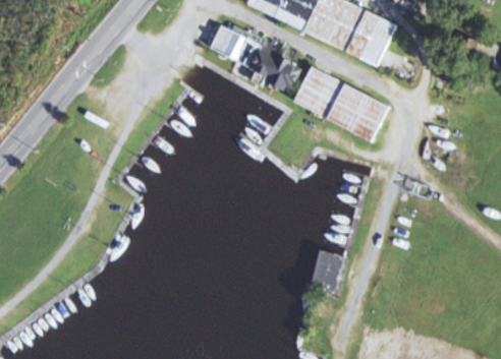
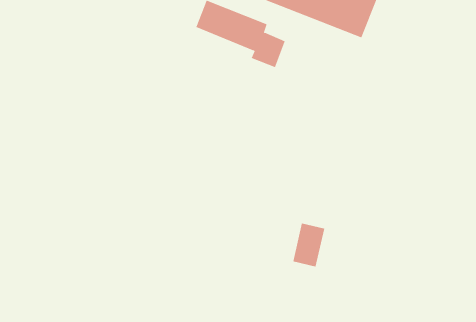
building: [293,68,389,140] -> none

